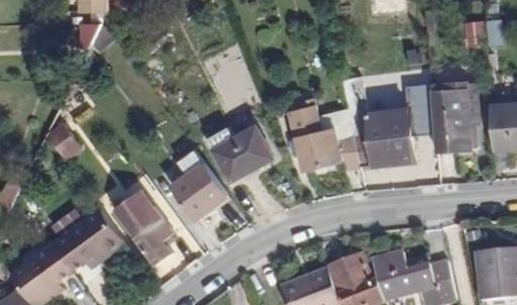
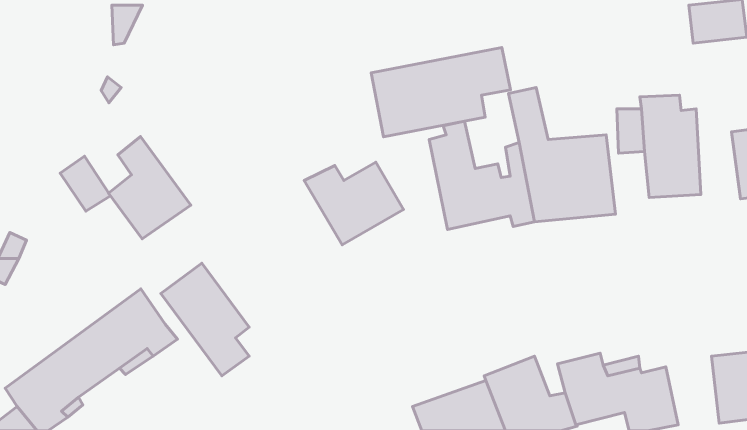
building: none -> [371,48,511,137]
building: [173,149,227,217] -> [109,137,191,239]

